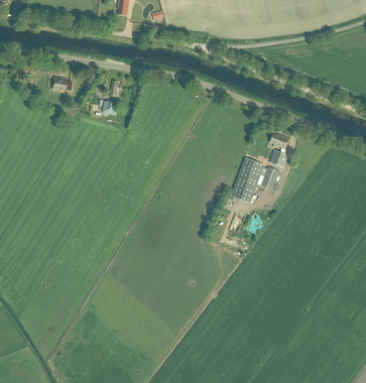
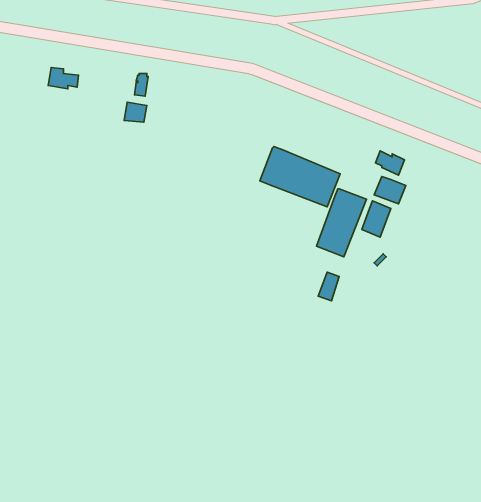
building: none -> [260,147,340,207]

